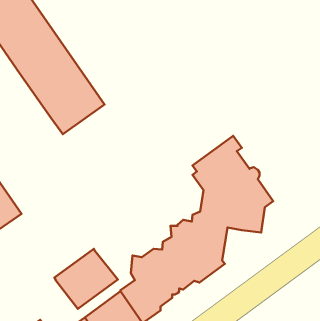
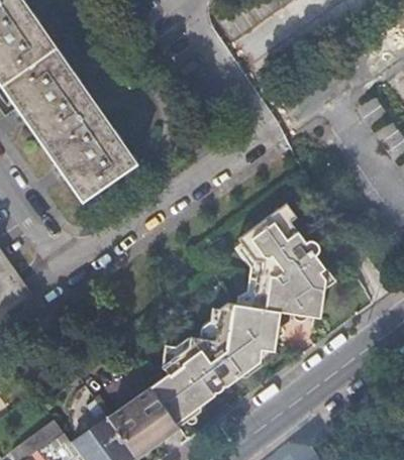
building: [54,249,118,309] -> none

